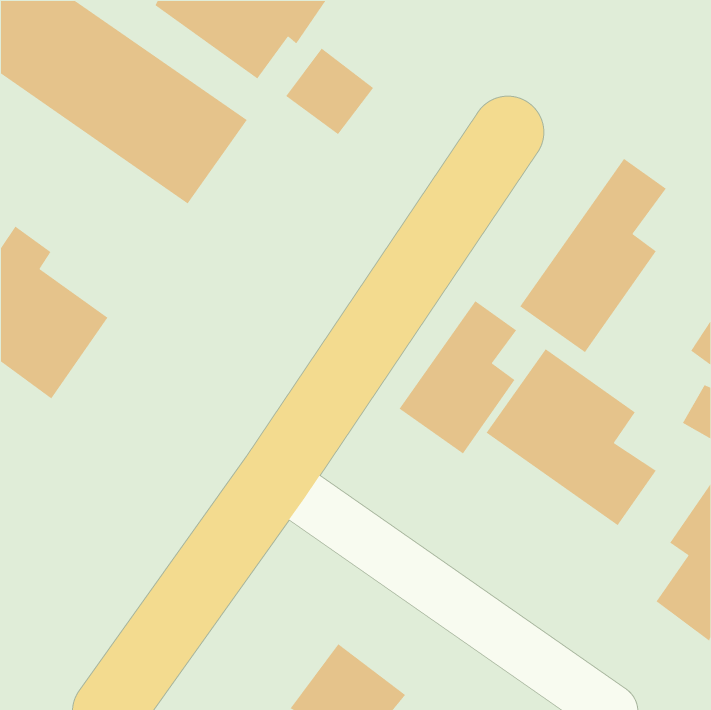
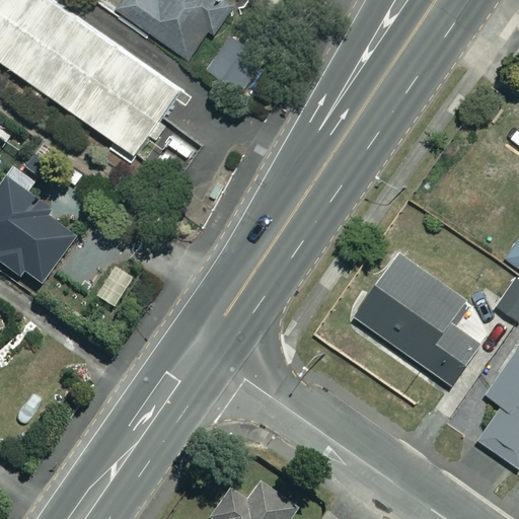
building: [519,158,667,353] -> none
building: [399,300,517,454] -> none

